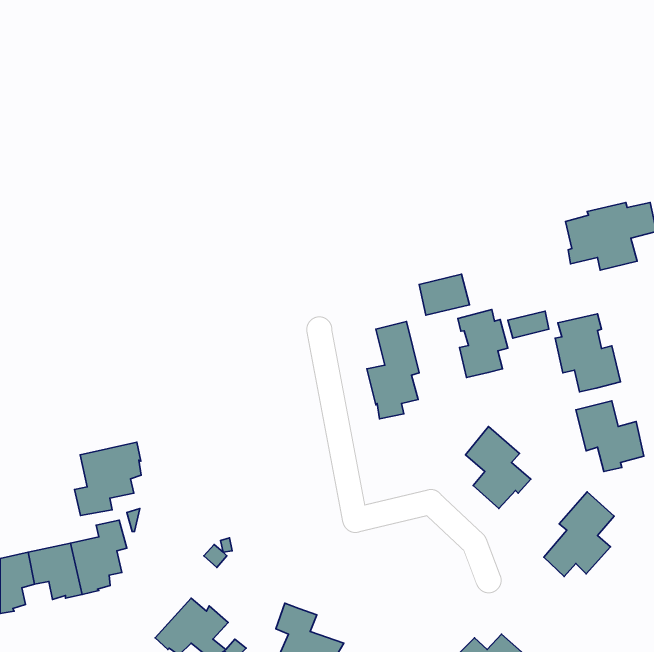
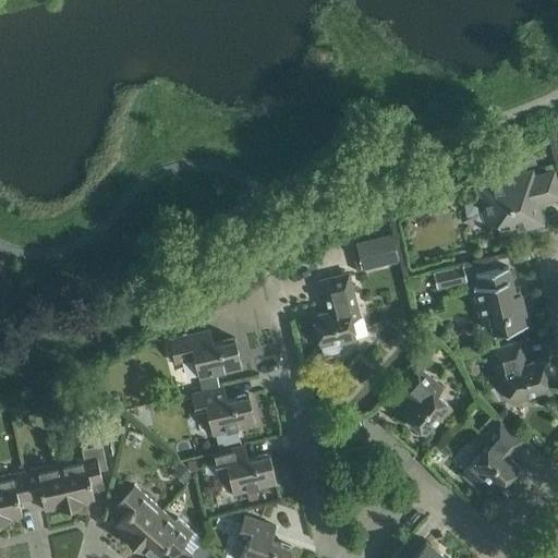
building: [458,309,508,377] -> none
building: none -> [171,332,243,379]
building: [74,442,141,516] -> none
building: none -> [194,389,256,447]
building: none -> [215,447,278,496]
building: none -> [116,486,163,545]

